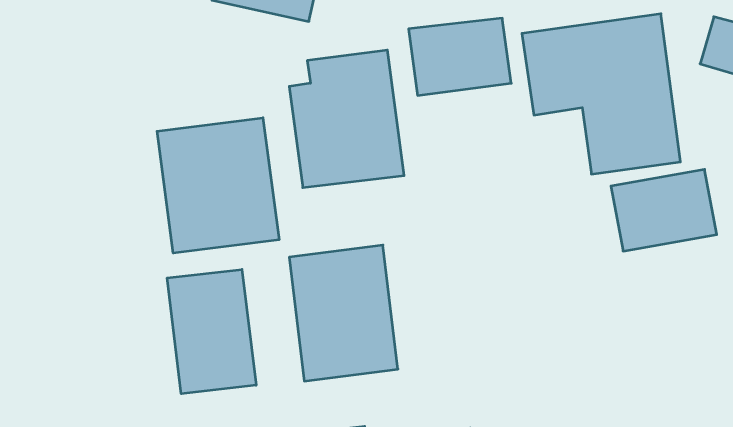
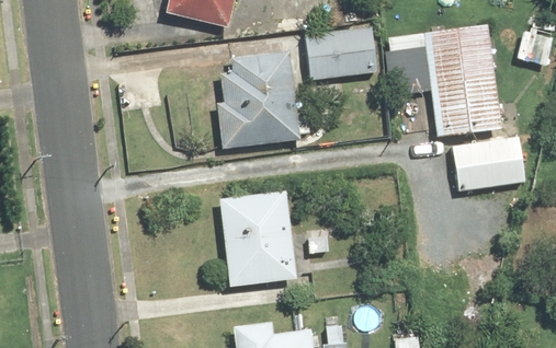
building: [157,118,279,253] -> none
building: [167,269,256,394] -> none

